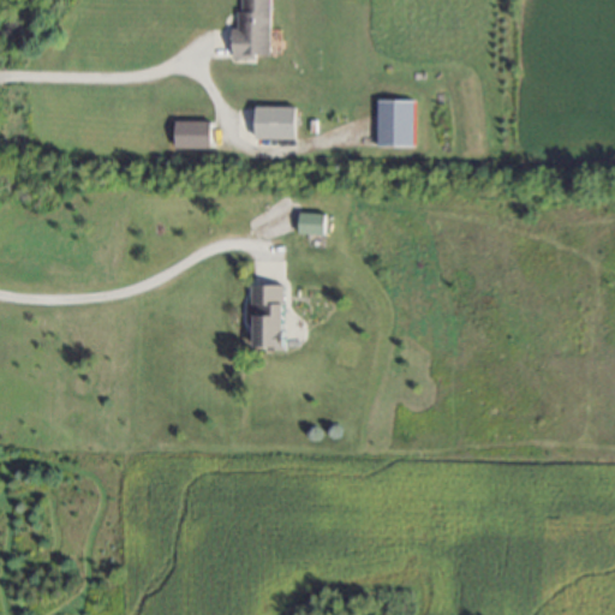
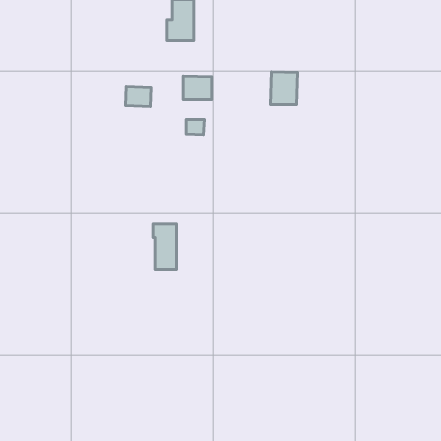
building: [298,213,323,234] -> [186,119,204,135]
building: [251,285,283,348] -> [153,224,177,270]

